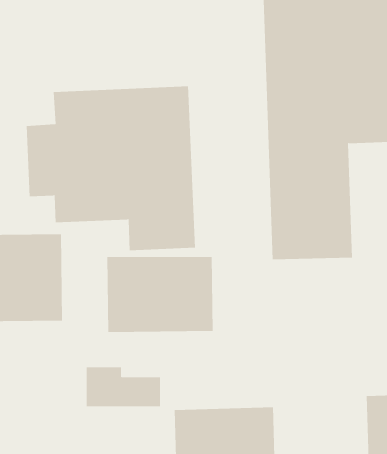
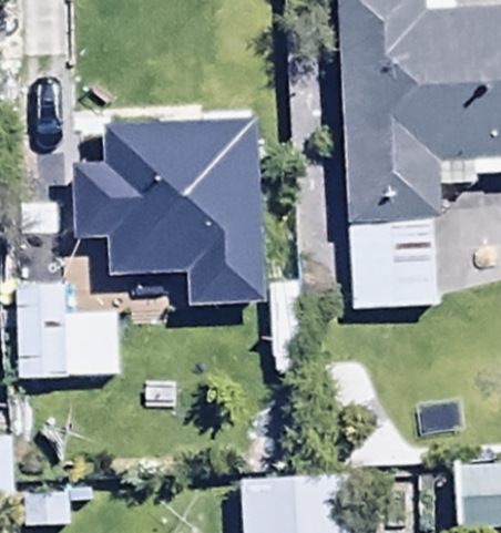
building: [107,256,213,333] -> none

